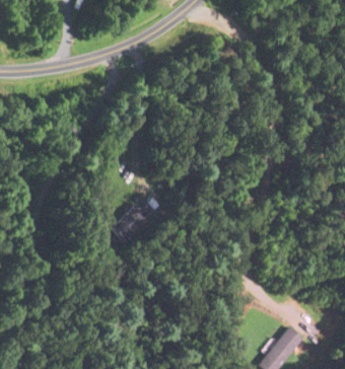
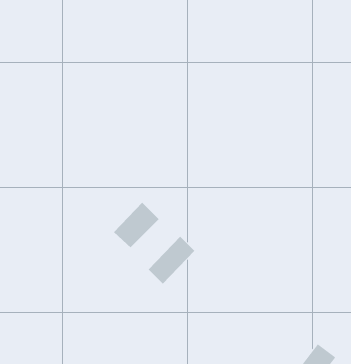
building: none -> [148,236,195,284]

